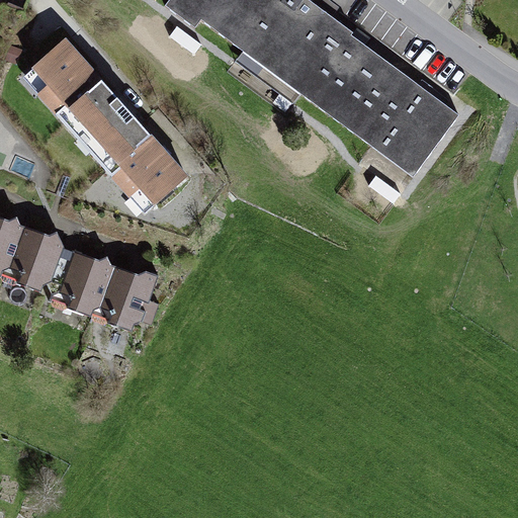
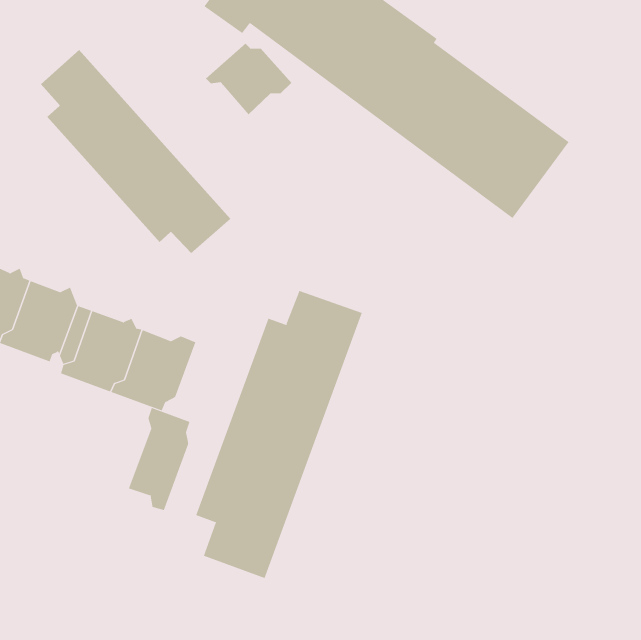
building: none -> [205,43,292,115]
building: none -> [195,290,362,579]
building: none -> [128,407,190,511]

